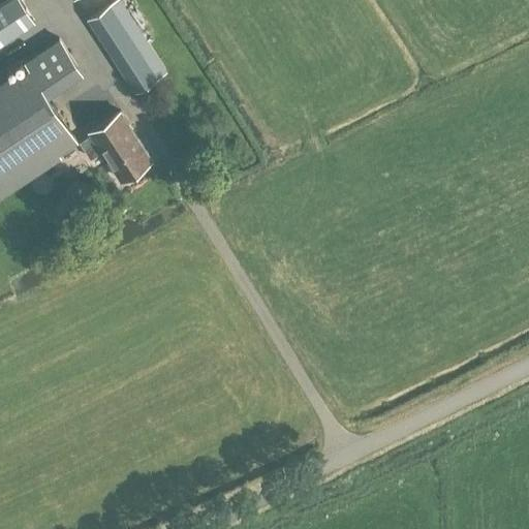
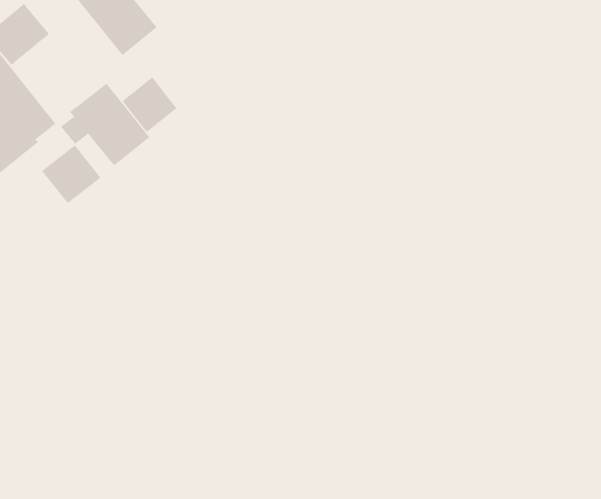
building: none -> [122,76,177,133]
building: none -> [41,145,101,204]

